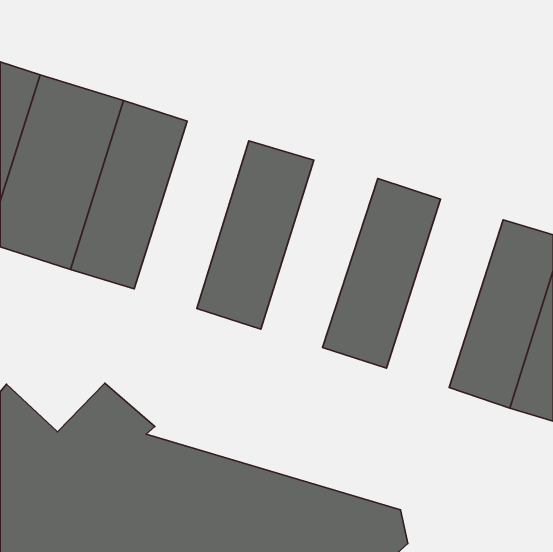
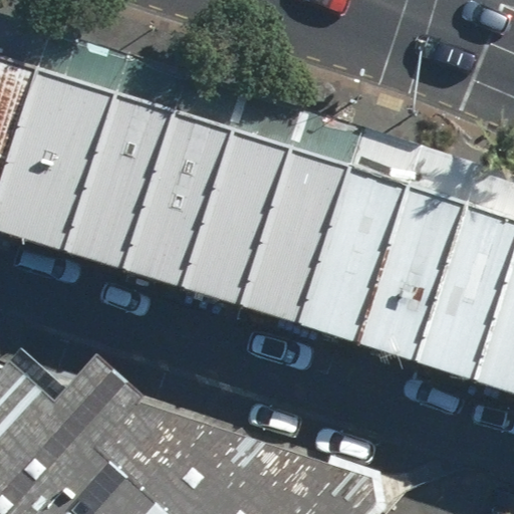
building: none -> [124,113,231,287]
building: none -> [242,150,350,323]
building: none -> [358,186,467,360]

